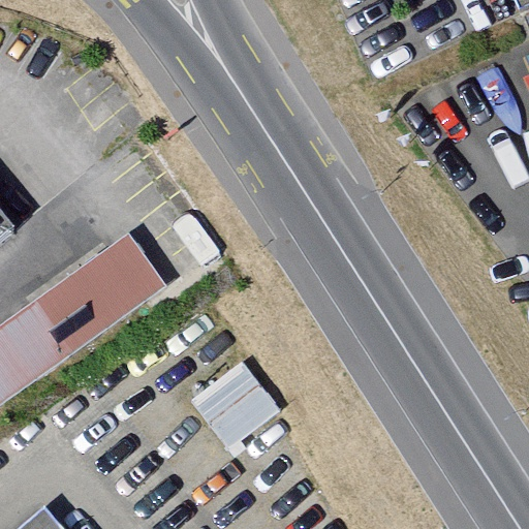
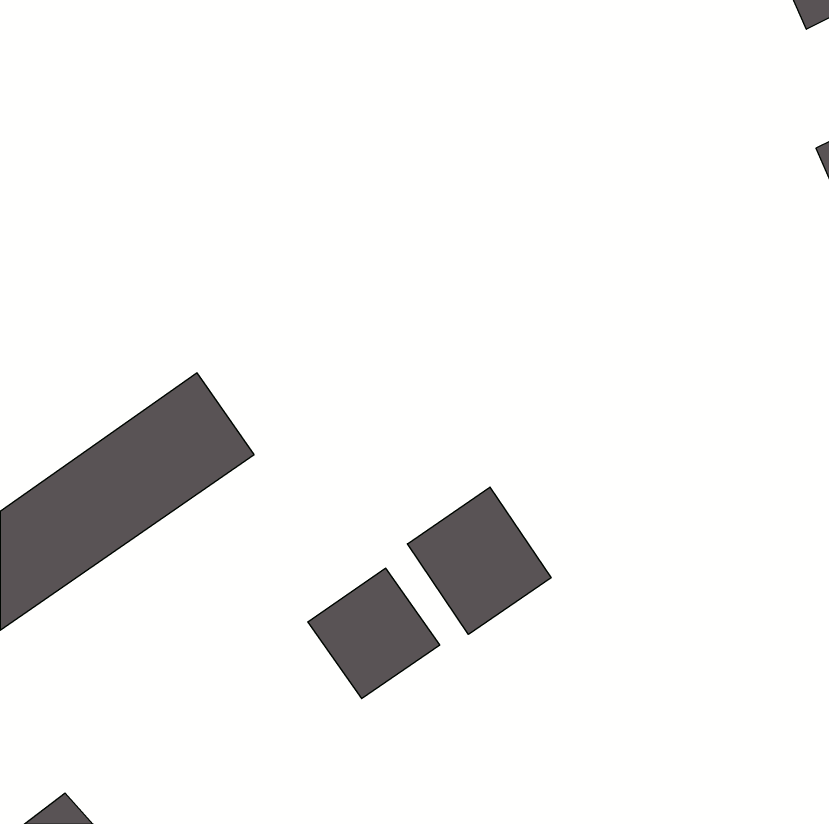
building: none -> [407,487,551,634]

